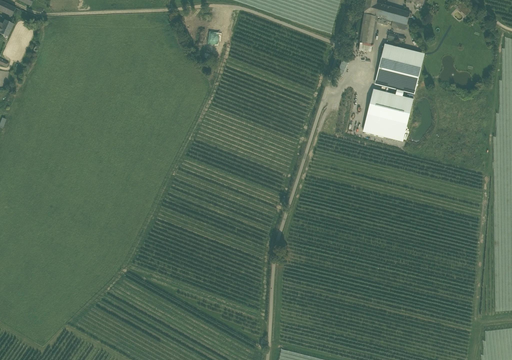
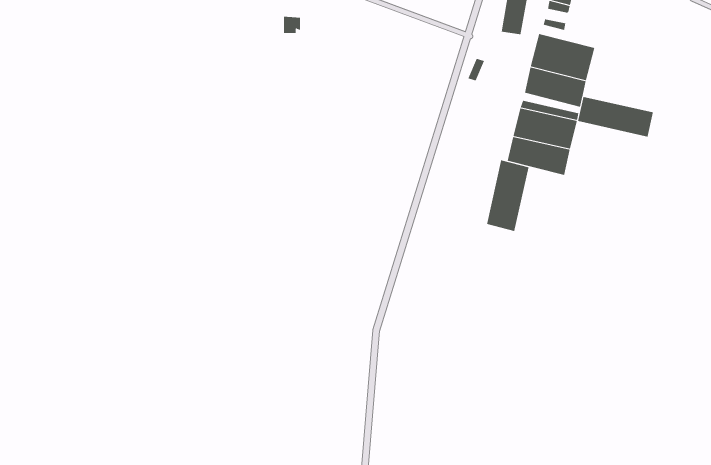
building: none -> [578,96,653,137]
building: none -> [486,159,529,232]

